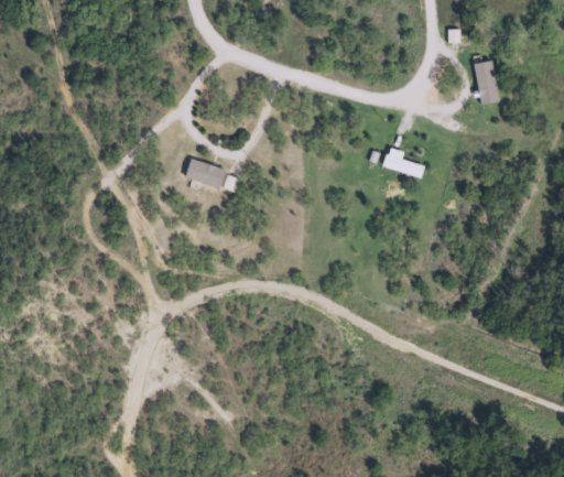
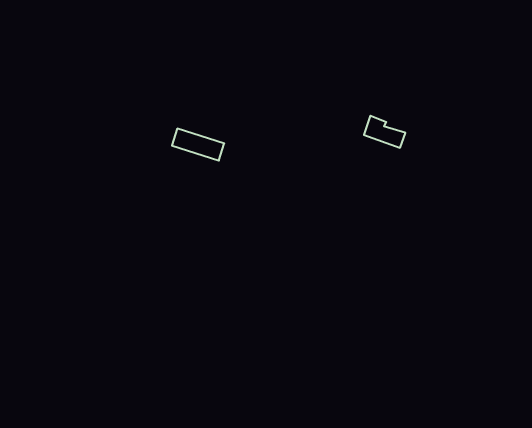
building: [473,61,499,105] -> none

